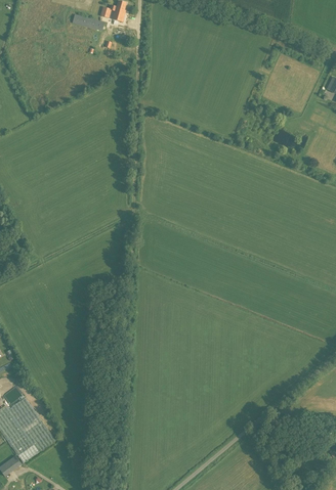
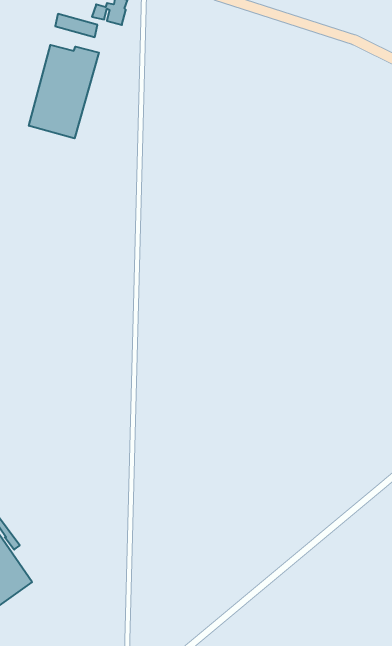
building: none -> [29,45,99,138]

